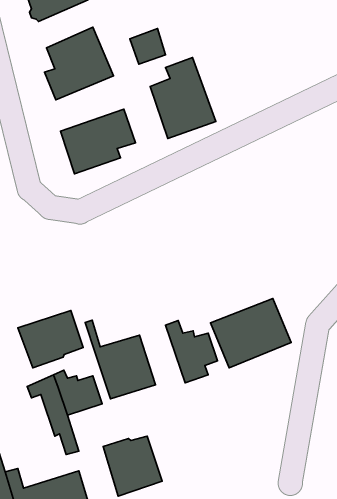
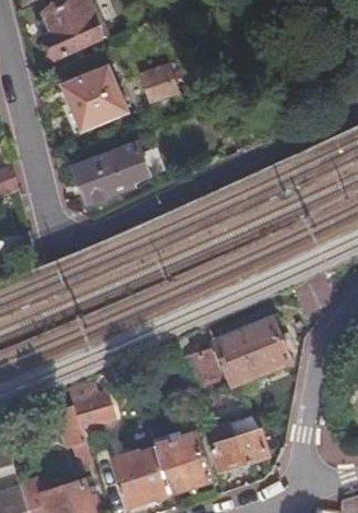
building: [150,58,216,139] -> none
building: [18,311,83,368] -> none
building: [85,320,156,399] -> [146,418,213,492]
building: none -> [208,418,268,472]

